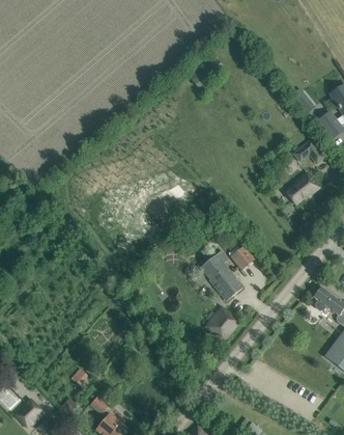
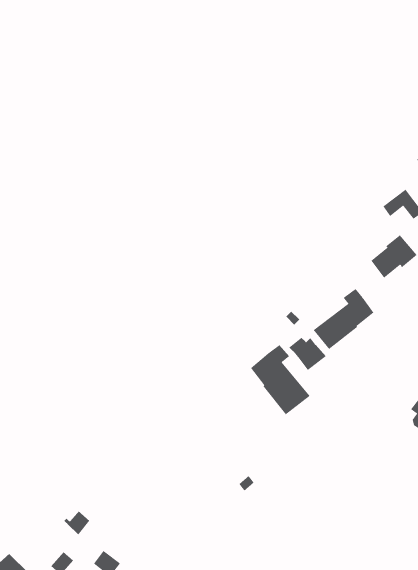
building: none -> [313,288,374,350]
building: [205,305,240,339] -> none

